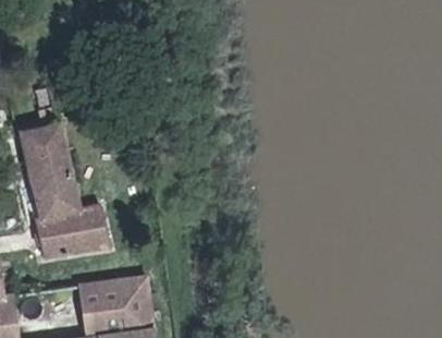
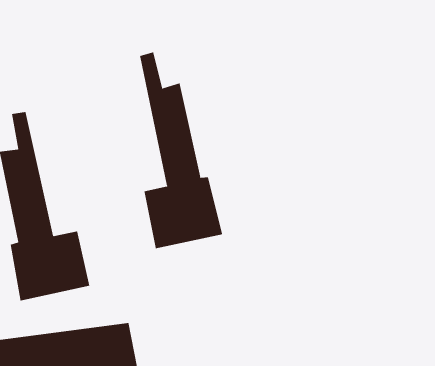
building: none -> [139,52,223,249]

